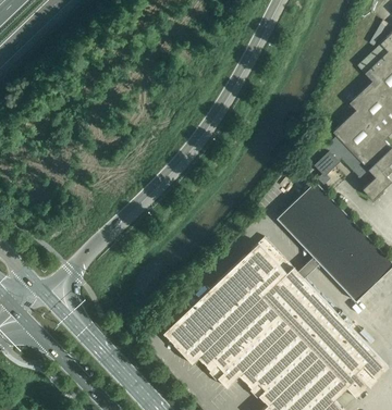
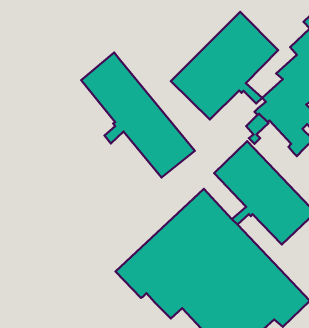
building: none -> [171,12,278,120]
building: none -> [81,53,195,178]

